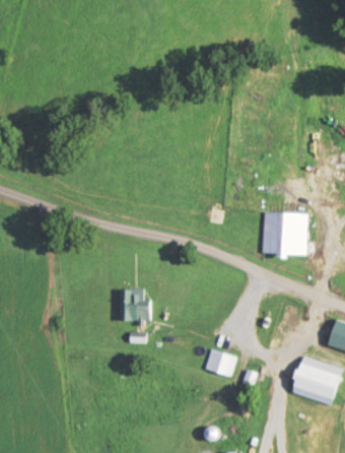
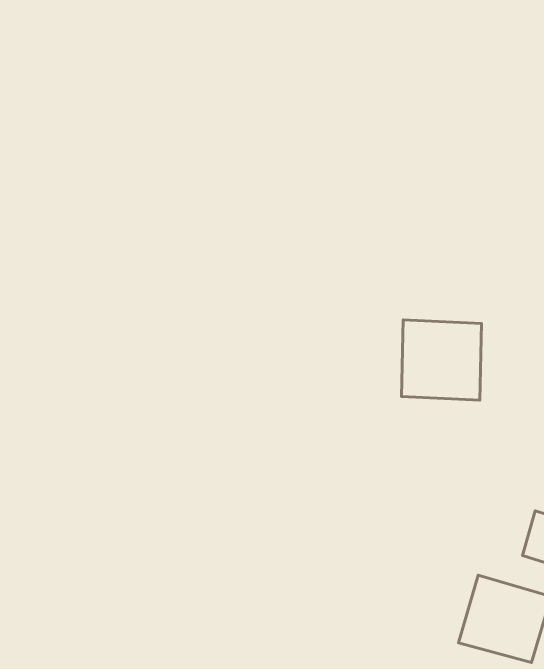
building: [118,288,151,321] -> none
building: [203,347,234,376] -> none

